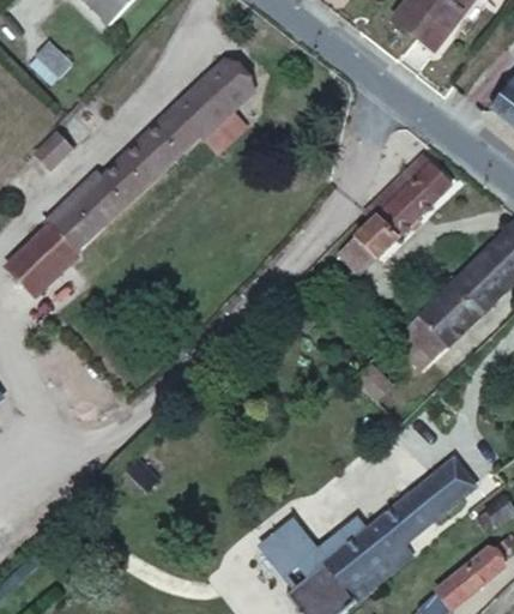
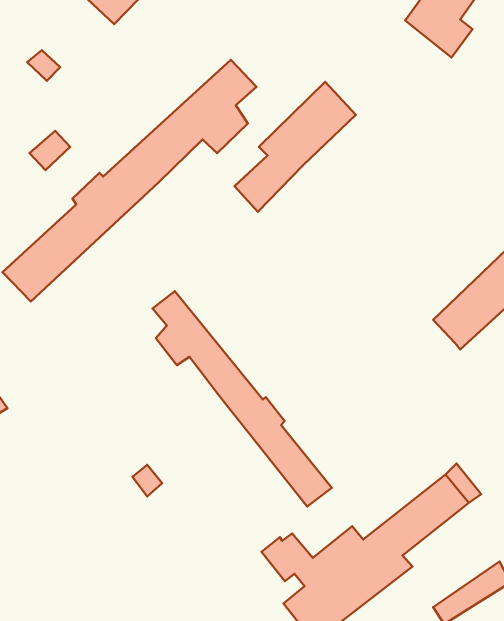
building: [337,157,455,284] -> [234,82,356,212]
building: none -> [153,291,332,506]
building: [410,313,456,368] -> none

